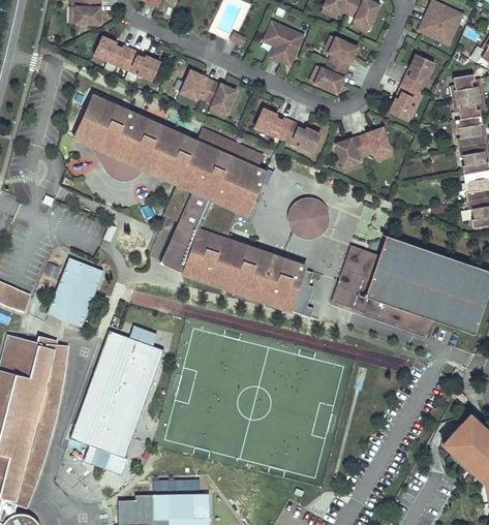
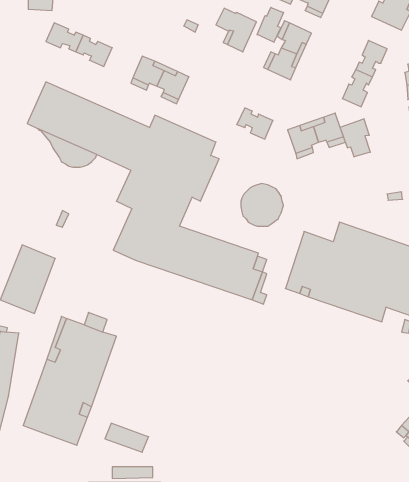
building: none -> [257,7,283,42]
building: [254,107,292,137] -> none
building: none -> [340,119,370,157]
building: [84,444,127,473] -> [105,423,149,452]

